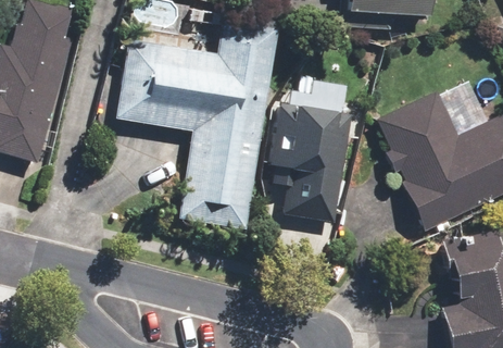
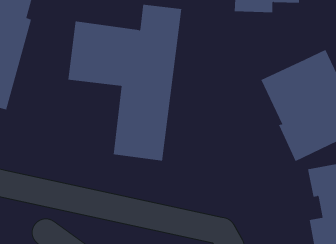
building: [269,103,352,222] -> none

